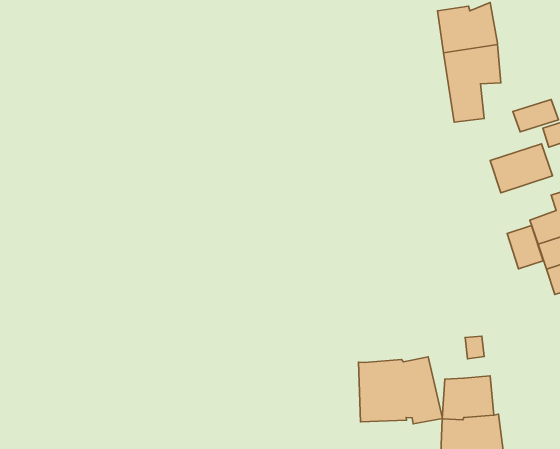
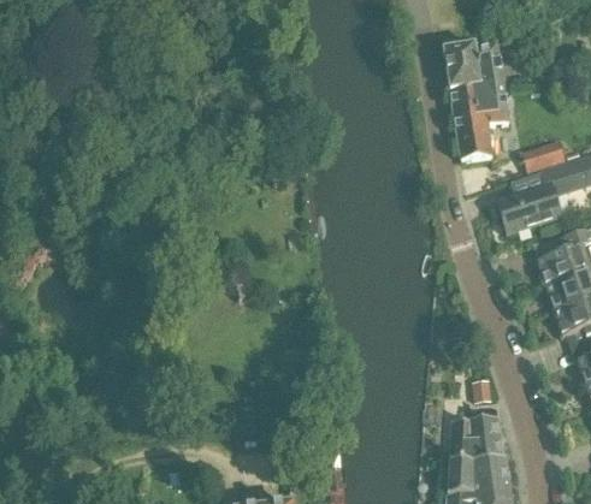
building: [507,226,543,269] -> none
building: [358,357,442,424] -> none

